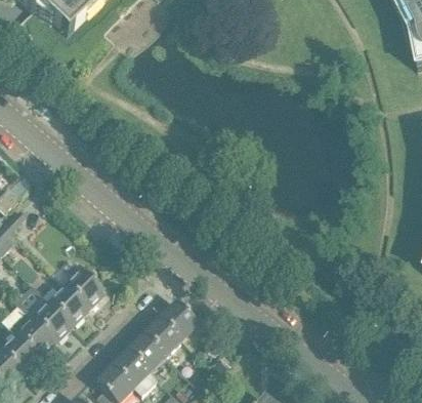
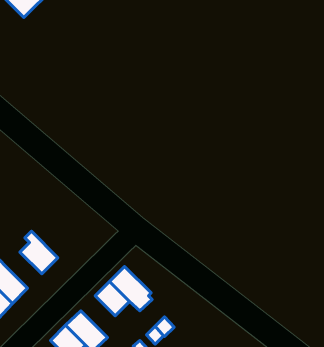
building: [47,282,86,321] -> none
building: [128,329,165,375] -> none

